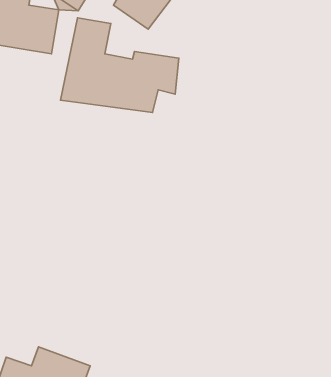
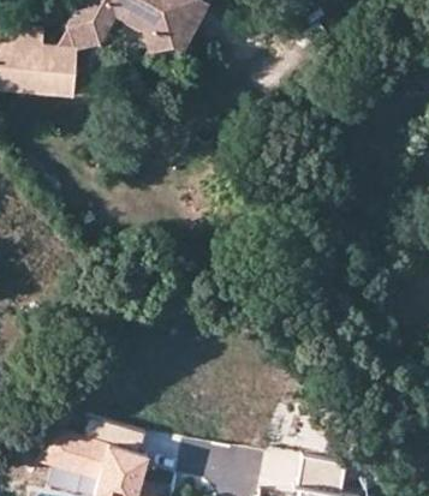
building: [60,18,179,113] -> none

